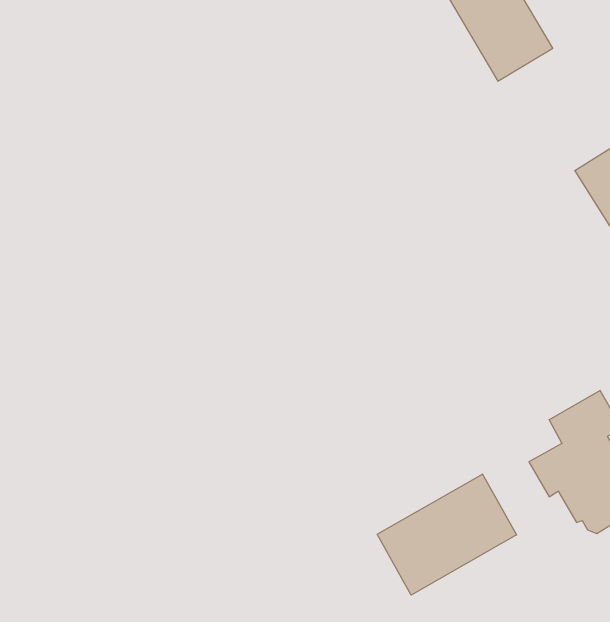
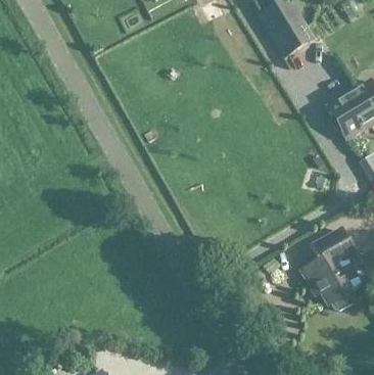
building: [377,474,517,595] -> none

